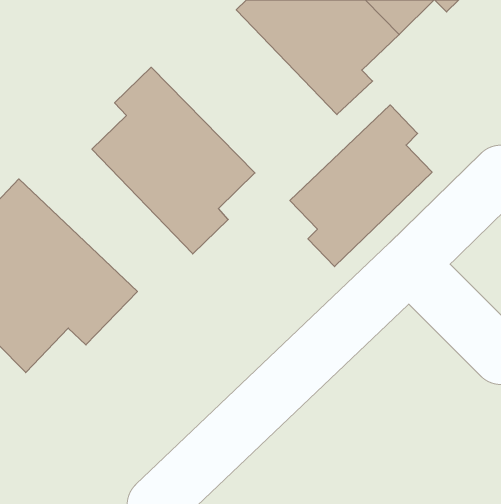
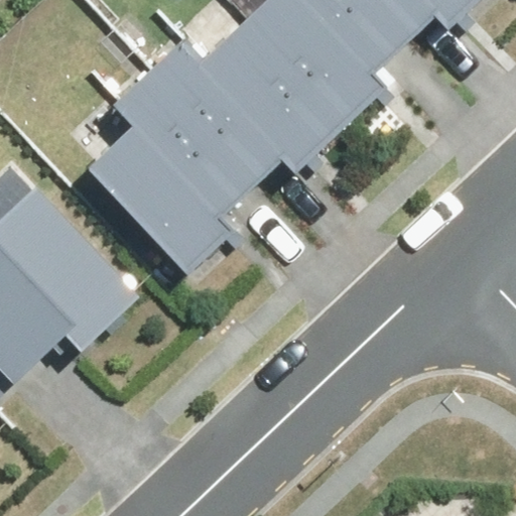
building: none -> [154,11,344,177]
building: [290,105,432,267] -> none

